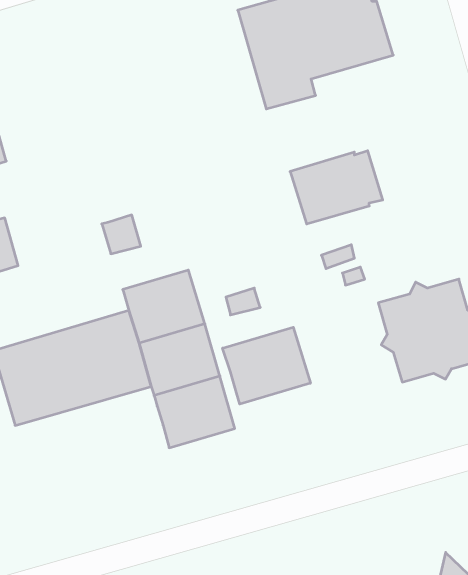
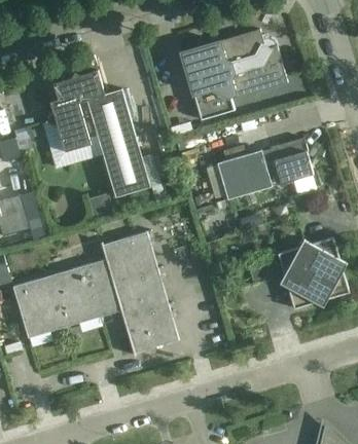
building: none -> [44,71,150,197]
building: none -> [270,138,313,184]
building: [223,327,310,404] -> none

